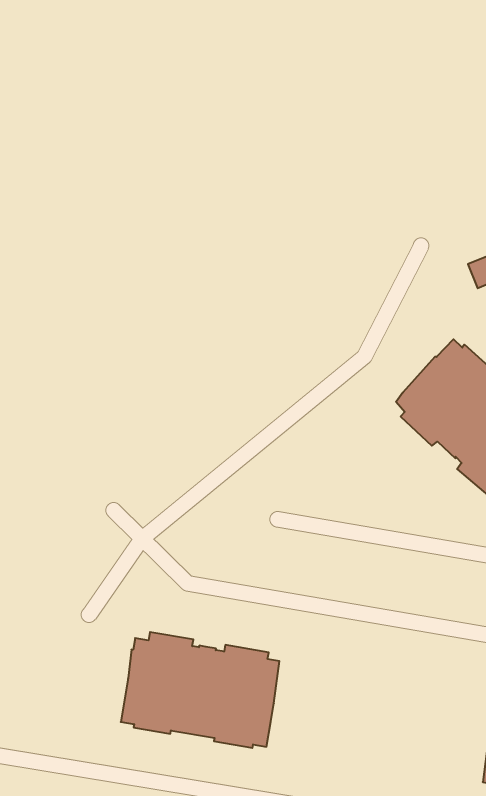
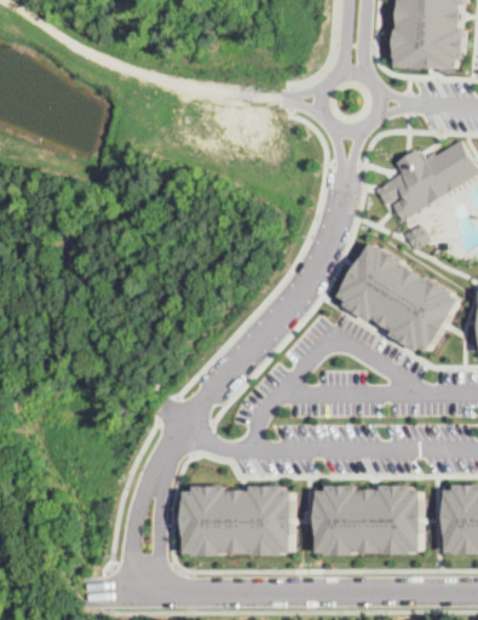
building: none -> [312,484,419,555]

